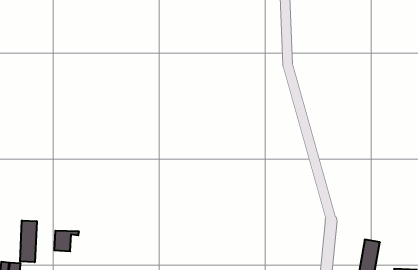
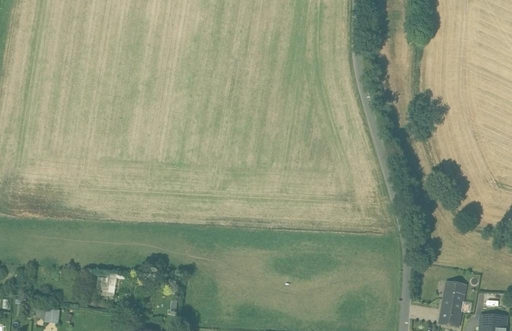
building: [20,220,37,262] -> none

